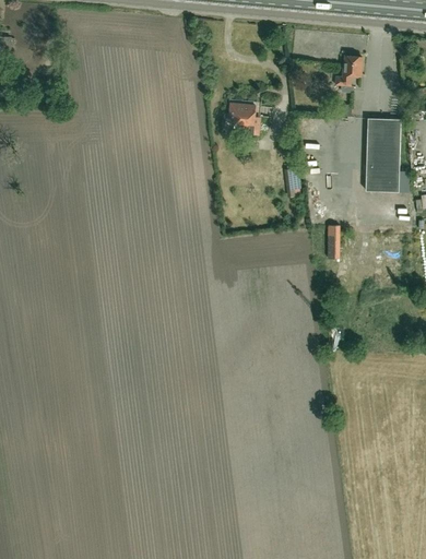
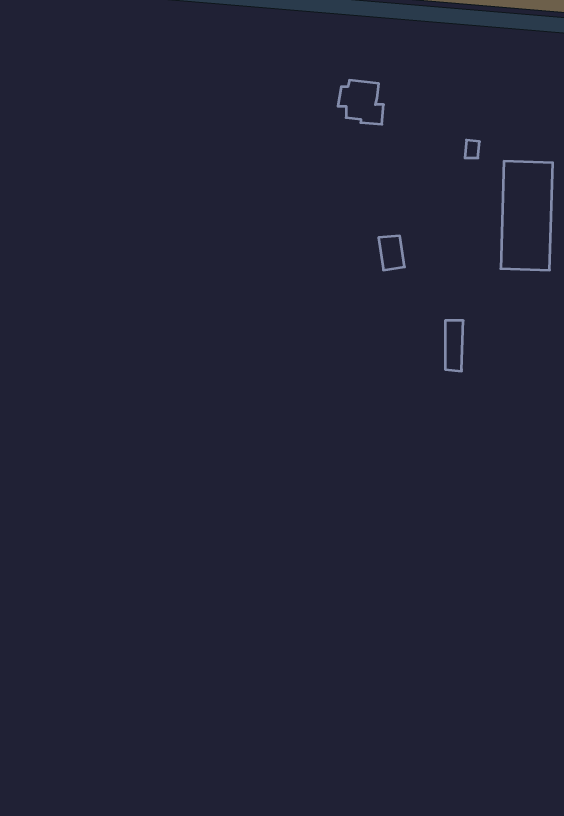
building: [334,56,360,85] -> none
building: [228,104,259,133] -> [338,80,384,124]

